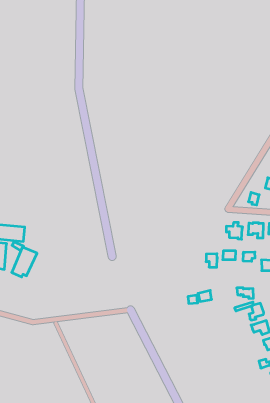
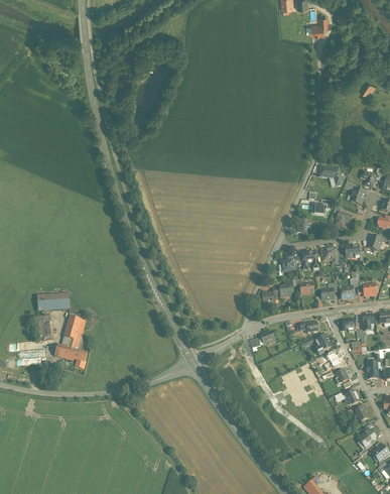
building: none -> [57,344,86,368]

